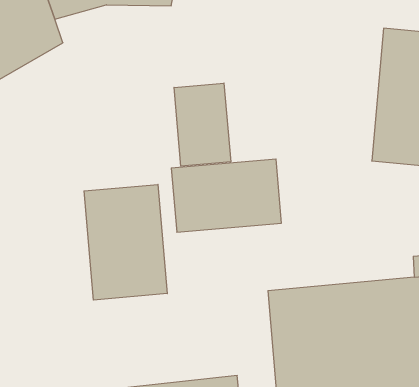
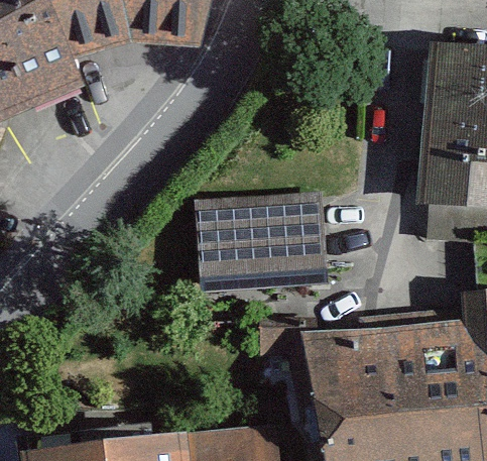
building: [174,83,231,166] -> none
building: [84,184,167,300] -> none

